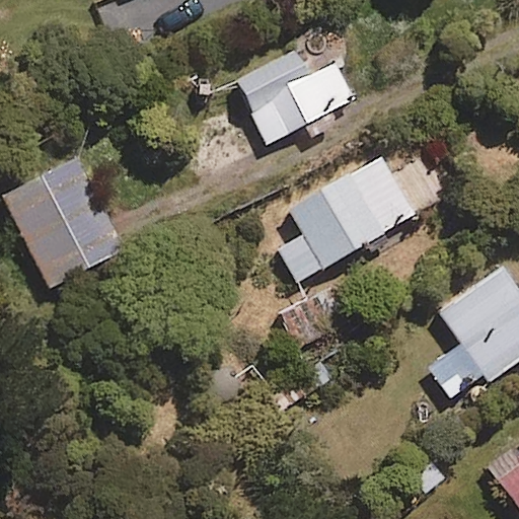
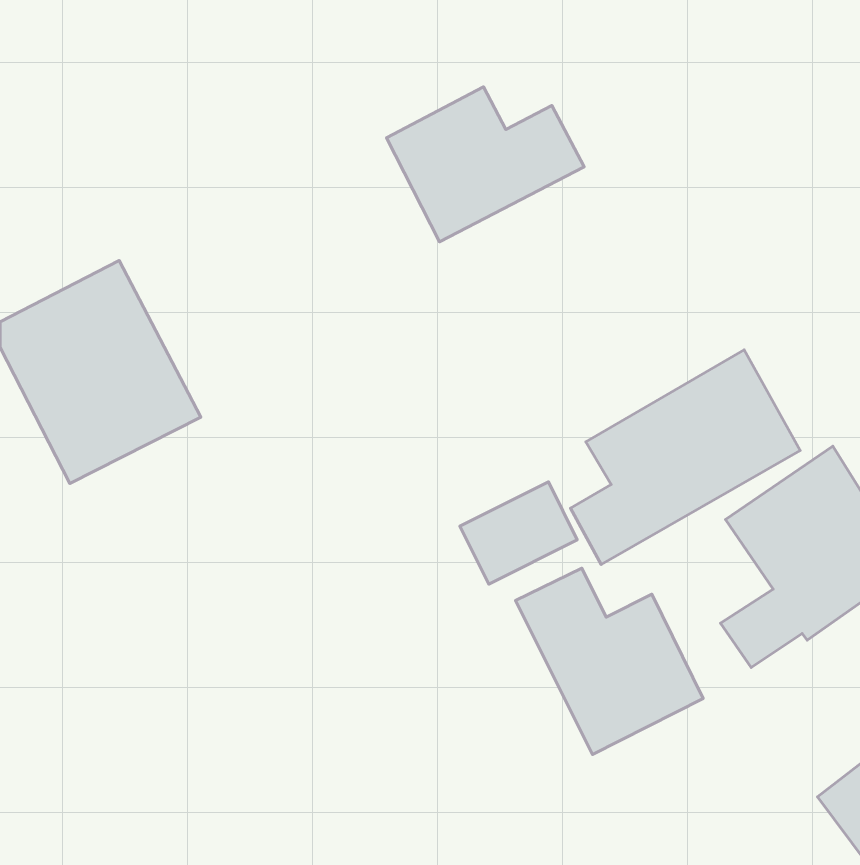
building: [279,154,416,282] -> [570,350,800,564]
building: none -> [516,568,703,755]

